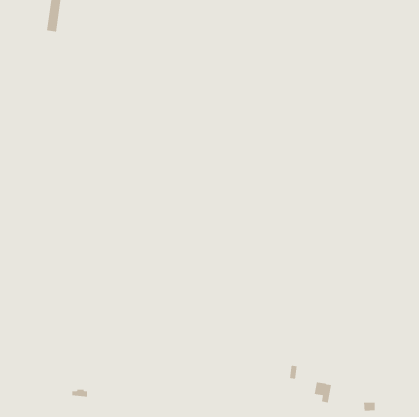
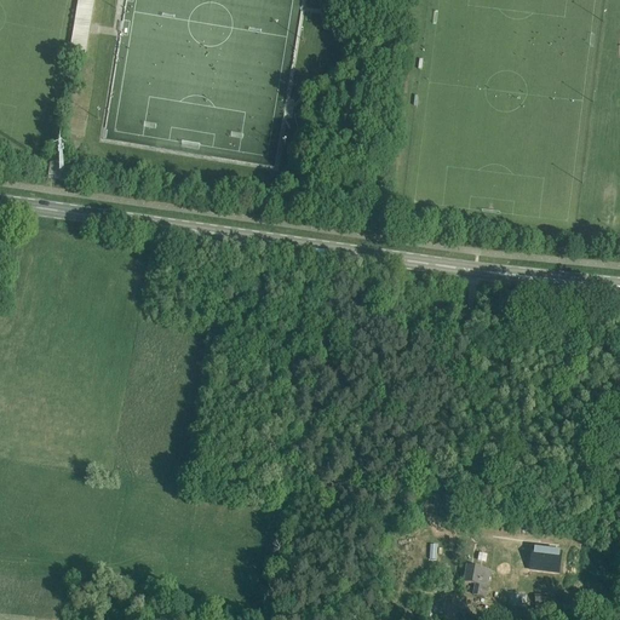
building: none -> [529,546,561,570]

